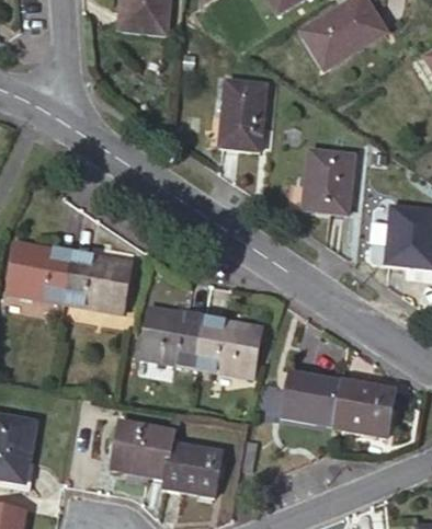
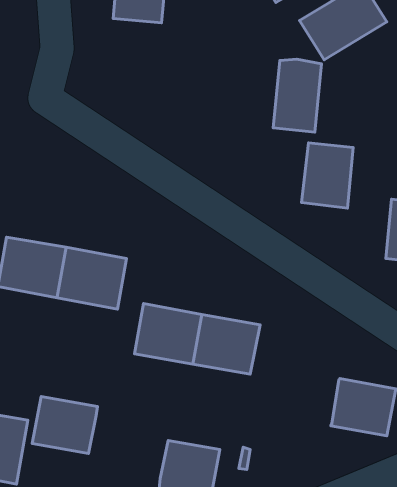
building: [218,79,265,150] -> [273,59,321,132]
building: [280,372,339,424] -> none
building: [110,422,173,478] -> [32,396,97,454]

